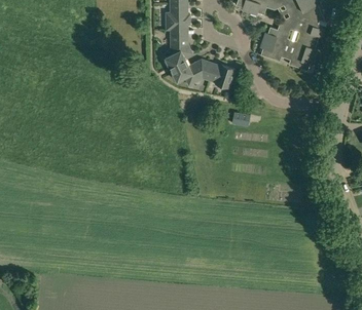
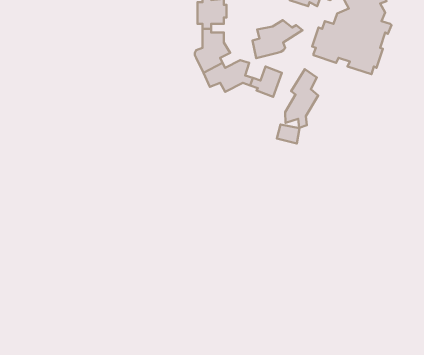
building: none -> [253,20,303,58]
building: none -> [285,69,318,128]

